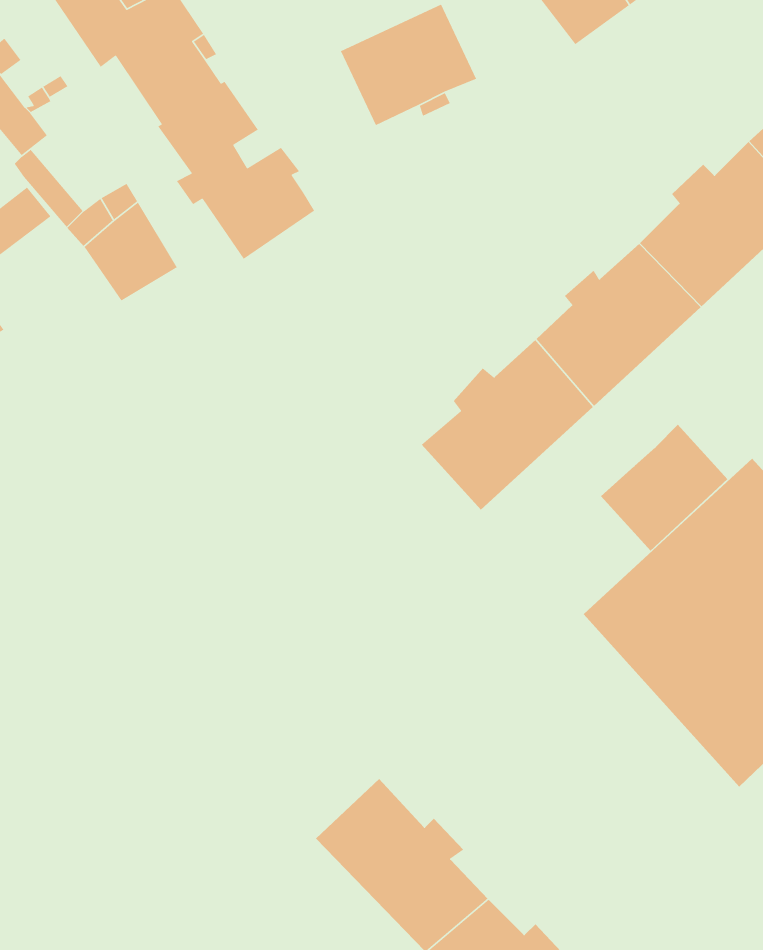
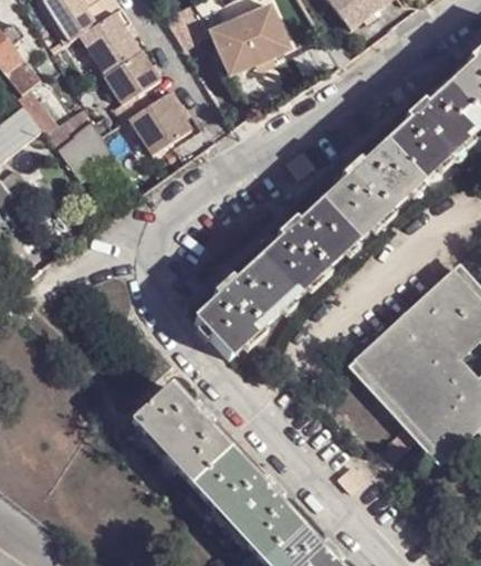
building: [600,424,728,552] -> none
building: none -> [194,261,292,359]
building: none -> [130,387,232,492]

